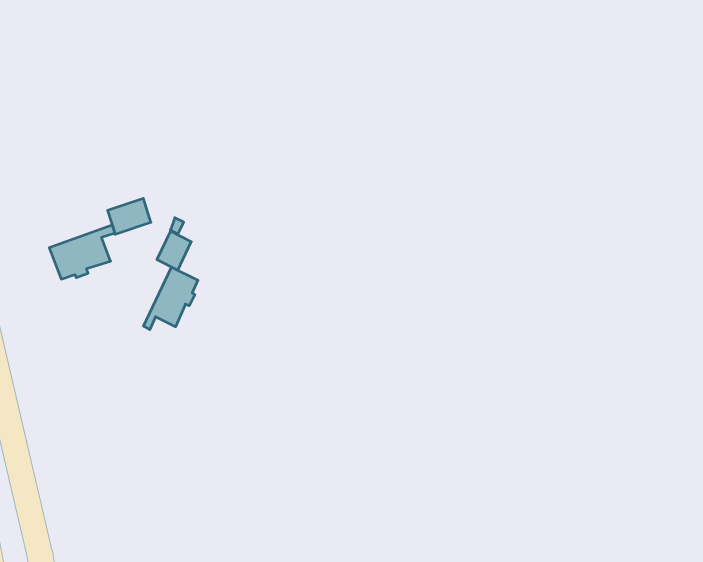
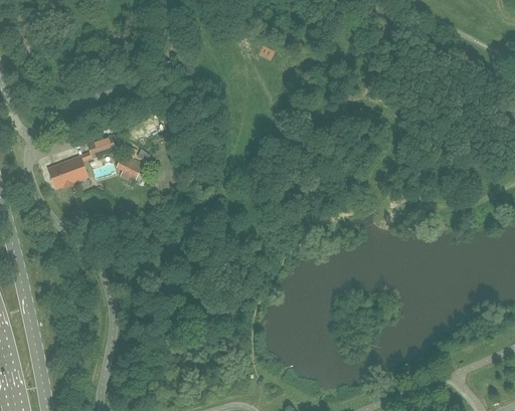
building: [144,267,198,330] -> none

